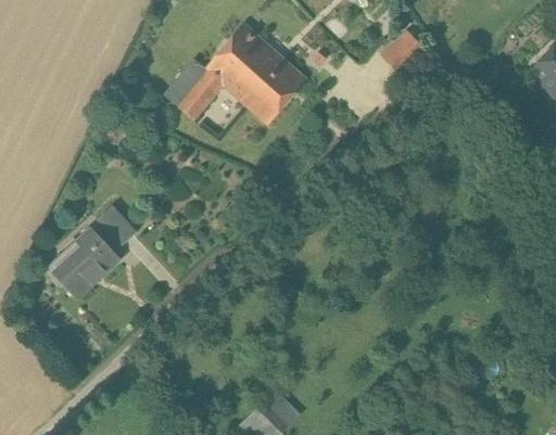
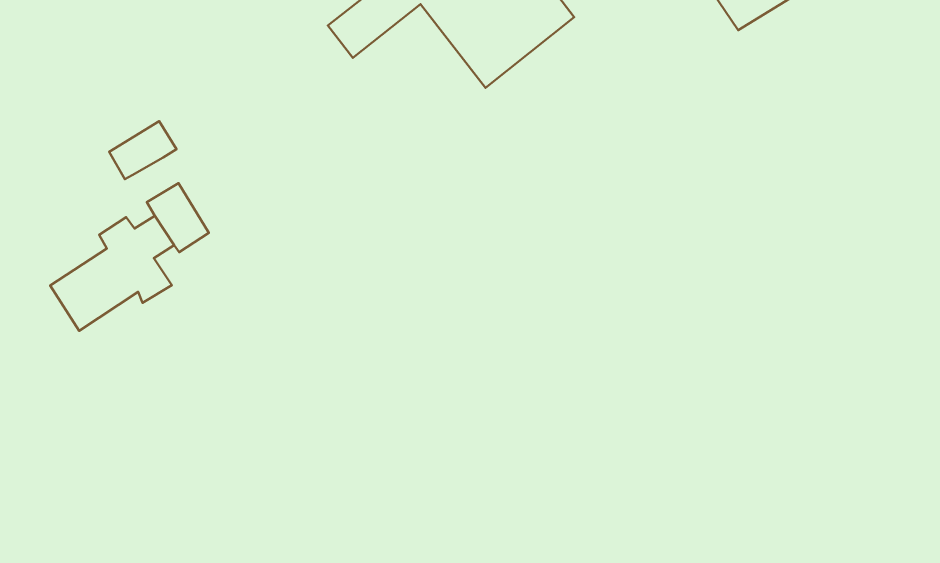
building: none -> [109,121,176,179]

